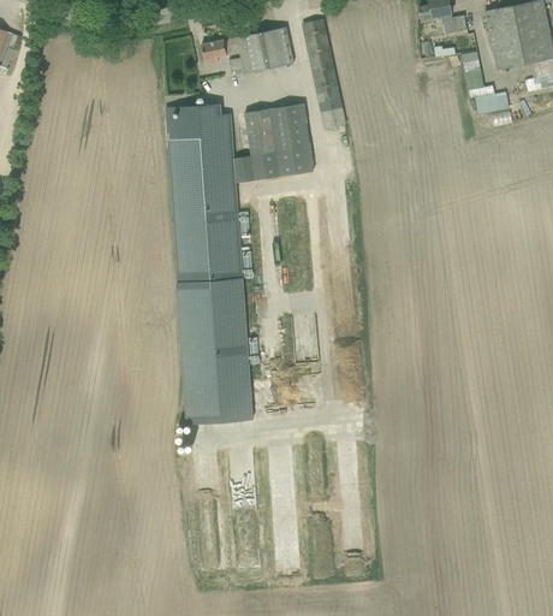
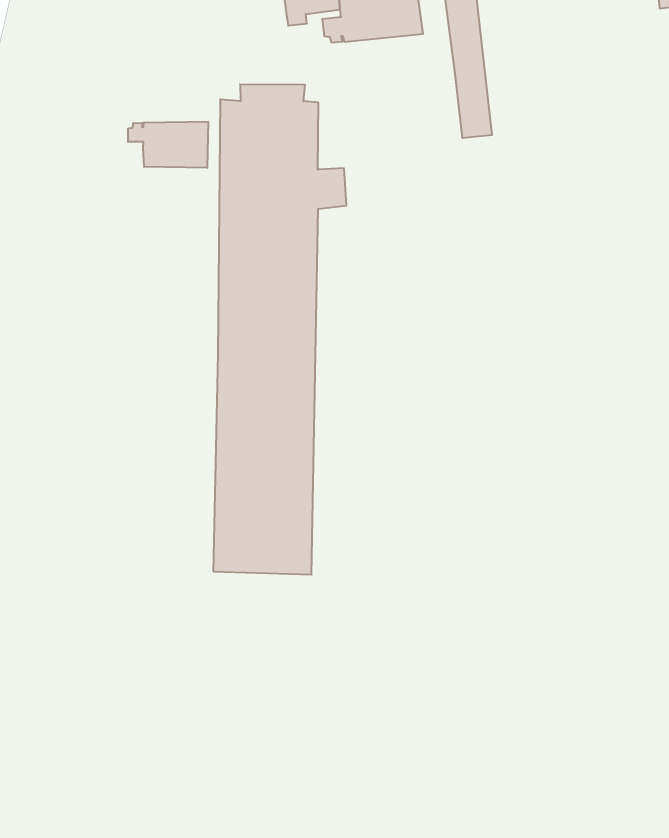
building: [243,103,313,179] -> none
building: none -> [128,122,208,168]

